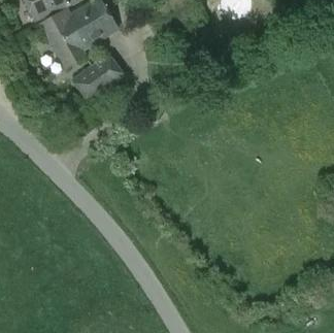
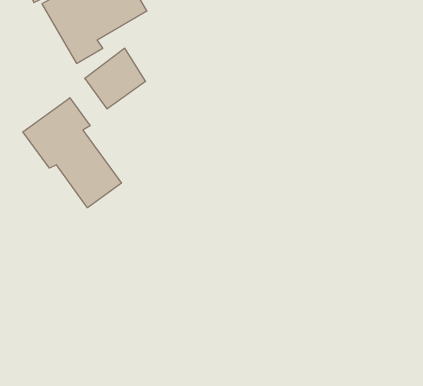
building: none -> [23,98,121,208]

